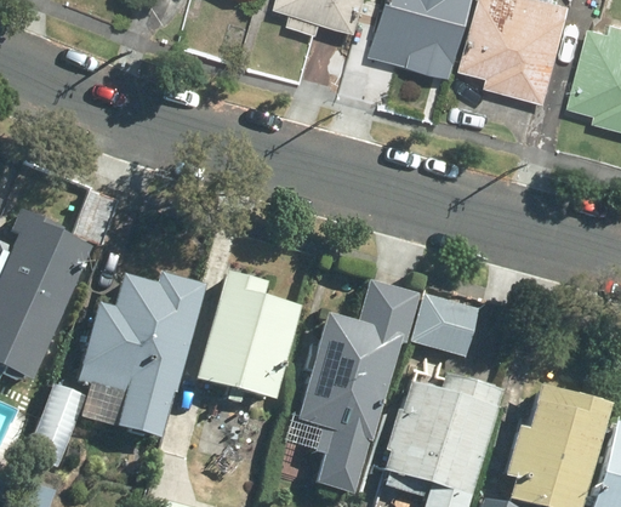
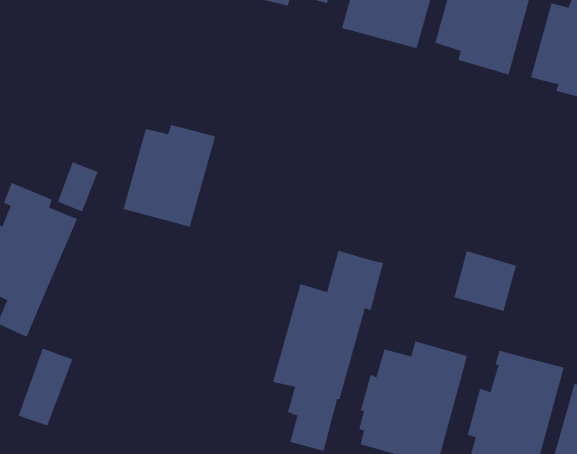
building: none -> [123,124,216,227]
building: [73,275,200,440] -> none
building: [195,275,300,405] -> none
building: [414,294,480,358] -> [454,250,517,311]

